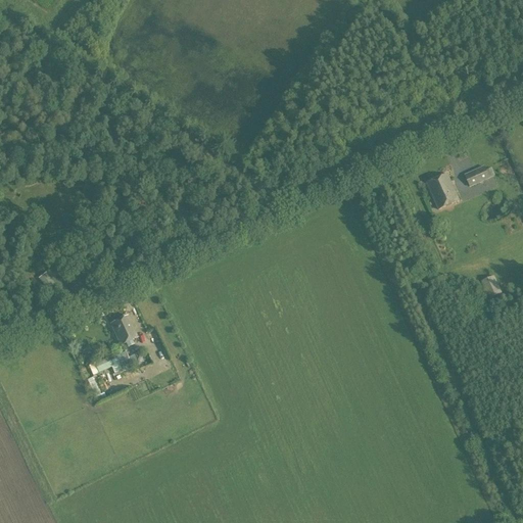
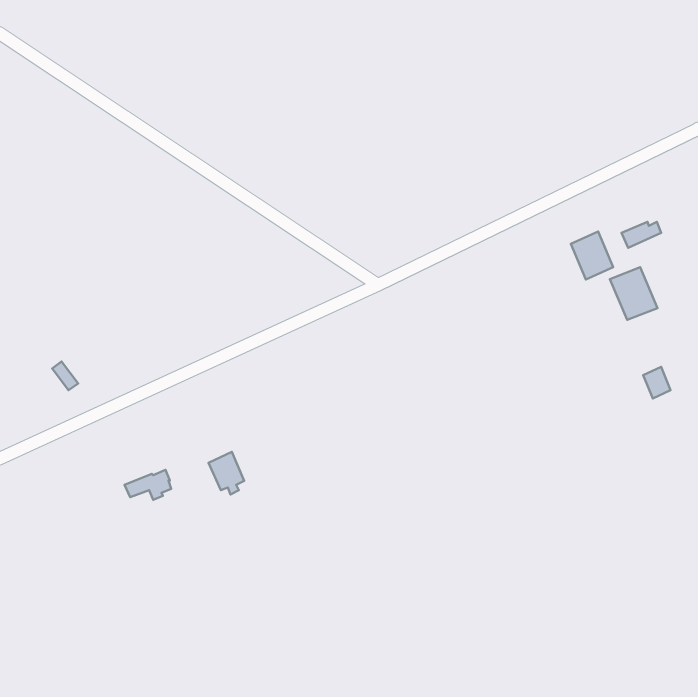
building: none -> [610,267,657,320]
building: [110,314,137,345] -> [209,452,244,494]

